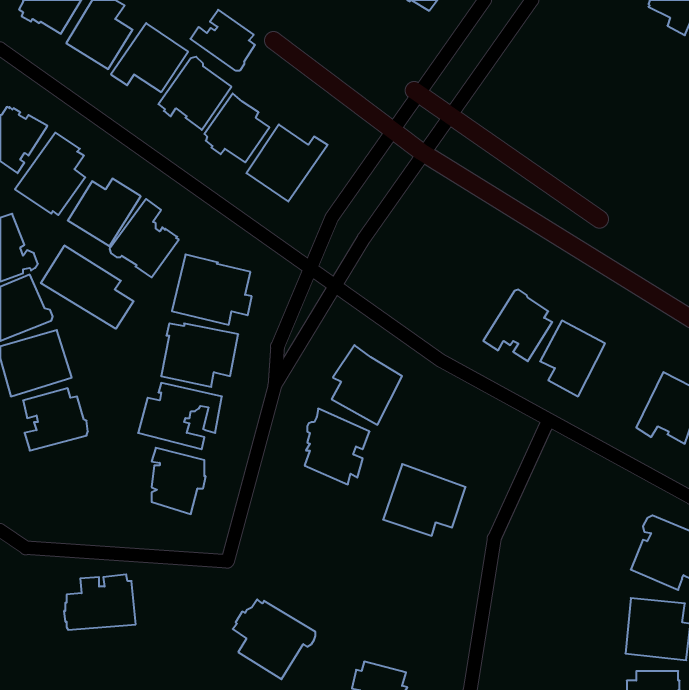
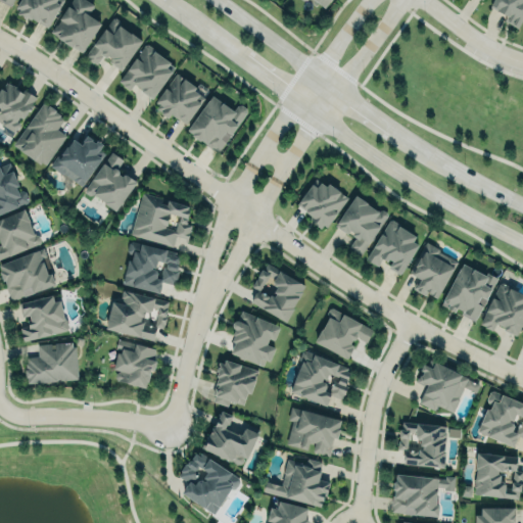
building: [190,10,255,71] -> none
building: none -> [297,182,348,229]
building: [41,245,134,329] -> none
building: none -> [336,195,388,254]
building: none -> [441,263,498,321]
building: none -> [316,307,374,359]
building: none -> [212,359,259,406]
building: none -> [417,362,480,412]
building: none -> [288,407,341,456]
building: none -> [202,411,258,464]
building: none -> [398,421,447,467]
building: [64,574,136,630] -> [26,341,80,383]
building: none -> [264,458,331,507]
building: none -> [391,474,444,517]

